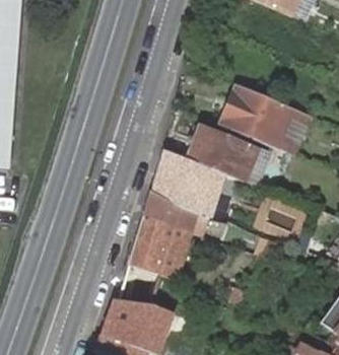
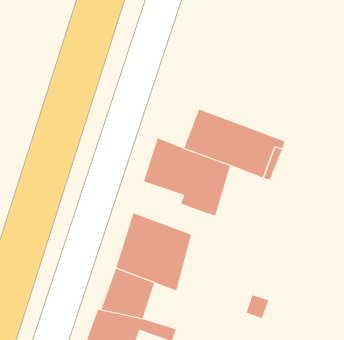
building: [217,84,319,156] -> none
building: [139,187,199,234] -> none

